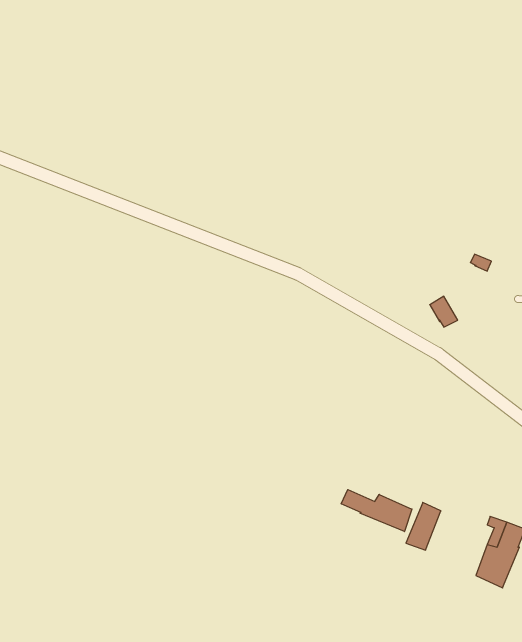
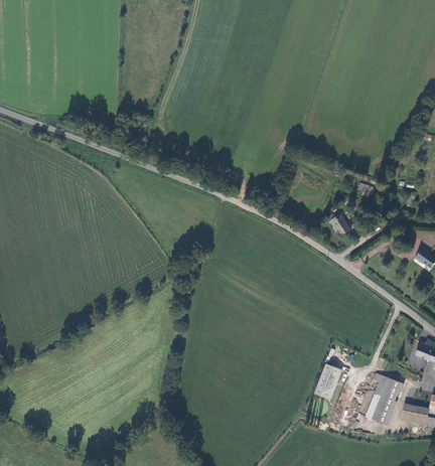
building: [341,490,412,532] -> none

